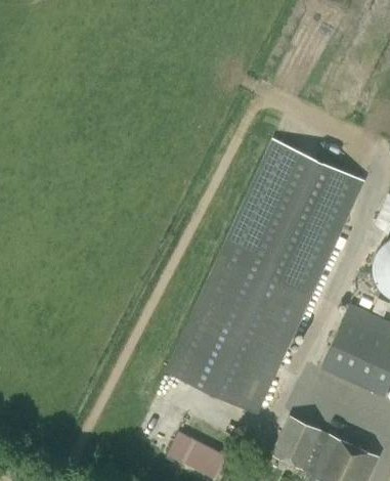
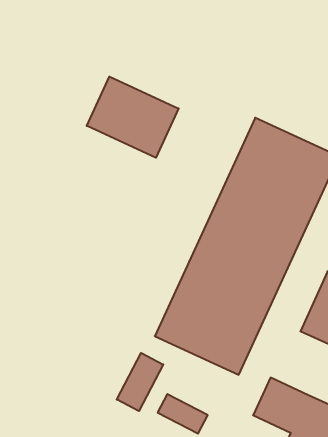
building: none -> [87,77,179,158]
building: none -> [117,353,163,411]

